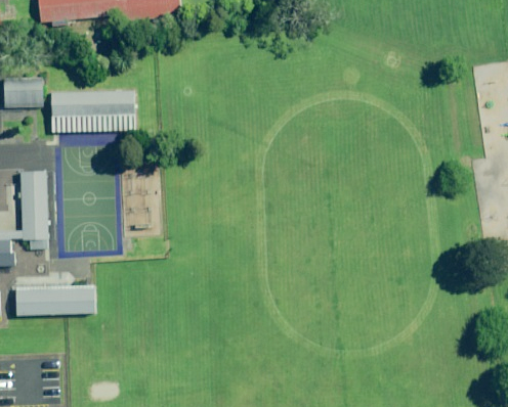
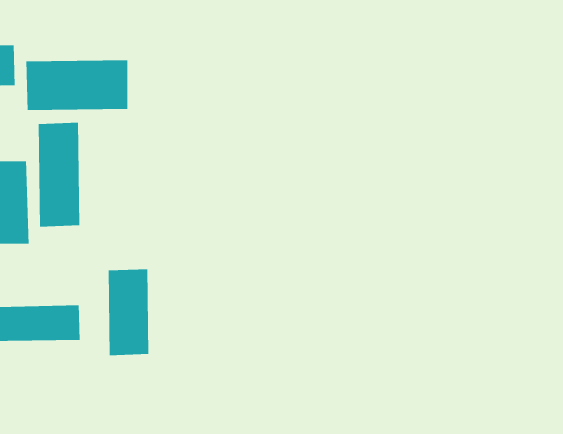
building: none -> [38,122,80,227]
building: none -> [108,268,149,356]

